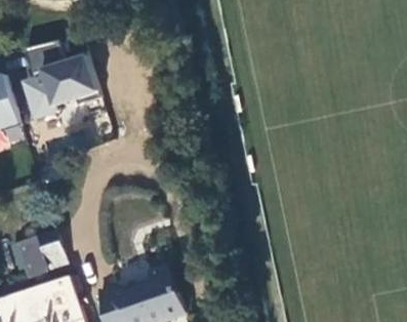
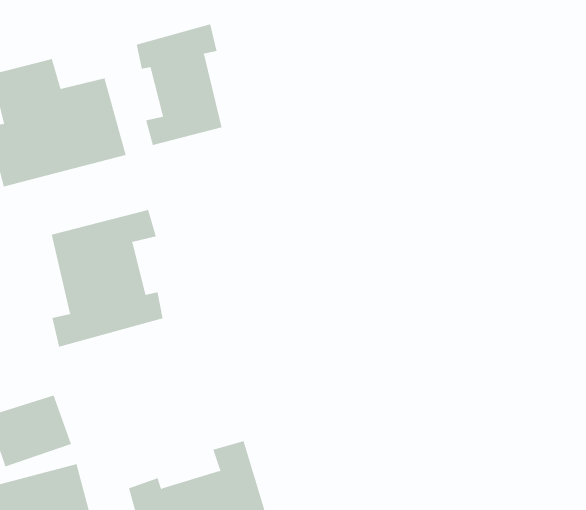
building: none -> [136,23,222,146]
building: none -> [51,209,163,348]

